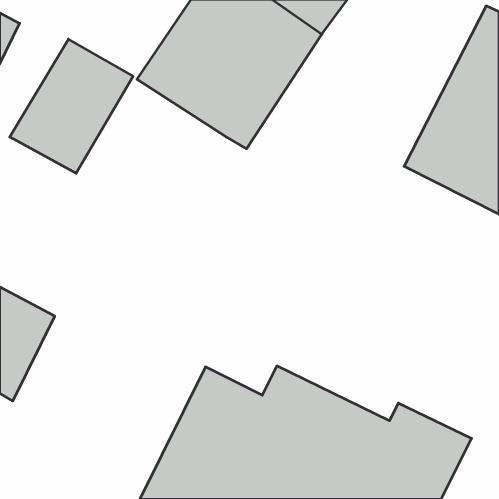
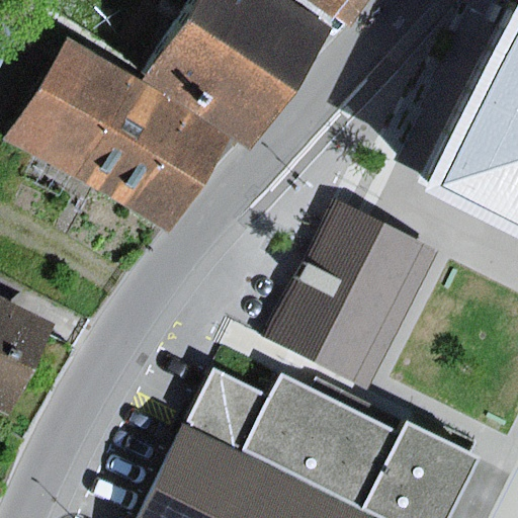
building: none -> [79,79,234,235]
building: none -> [264,207,416,380]

